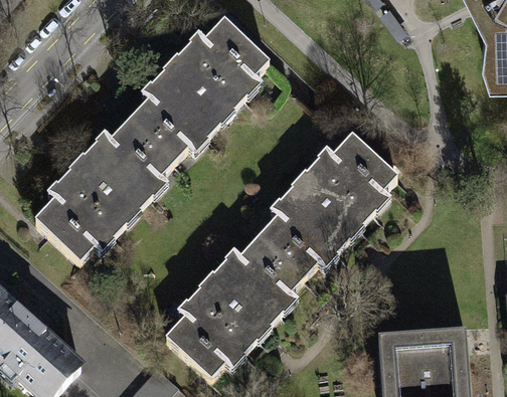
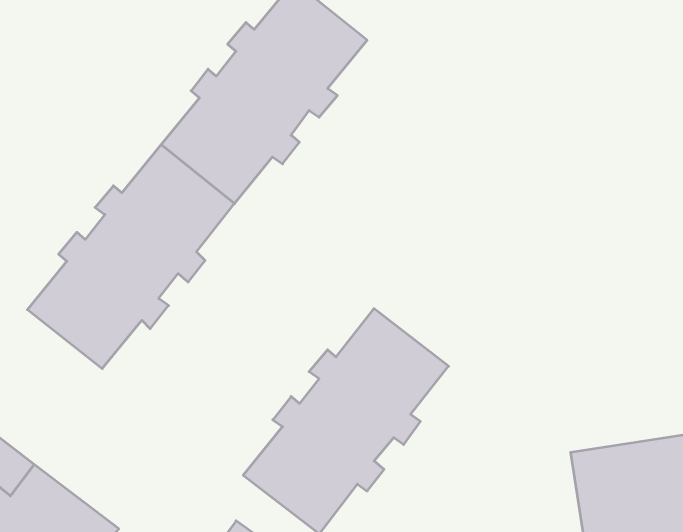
building: [260,133,398,275] -> none

